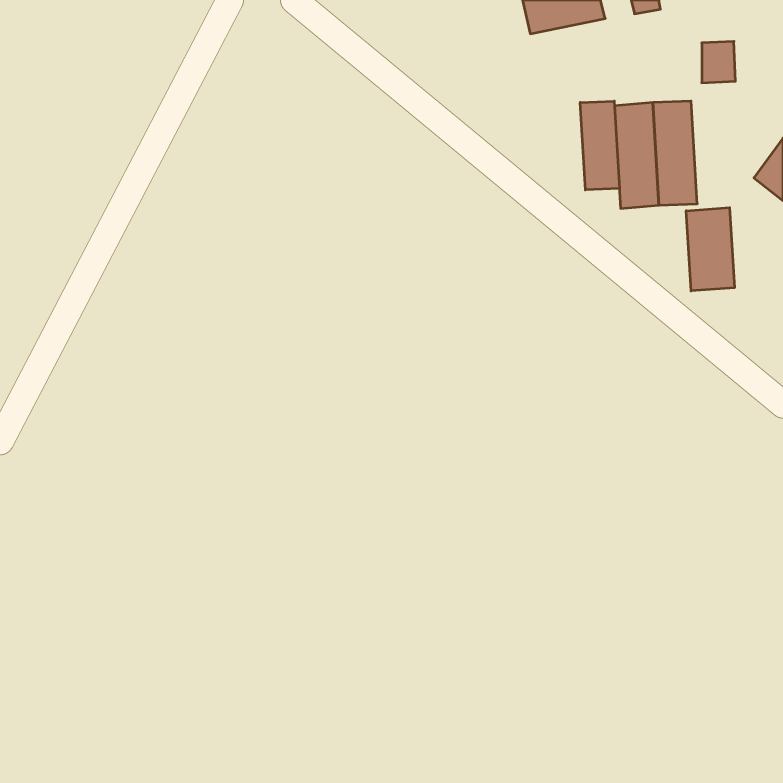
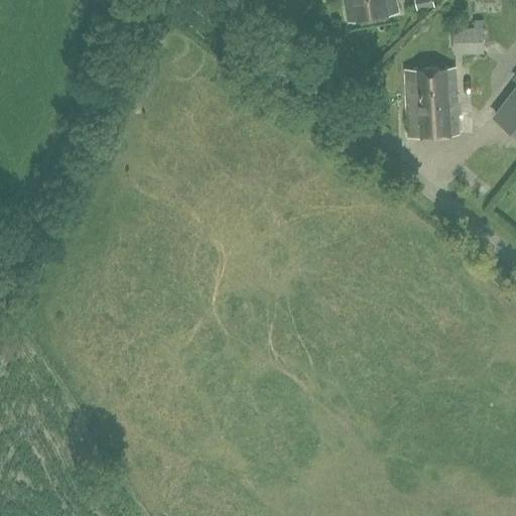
building: [580,101,619,190] -> none
building: [686,208,734,291] -> none

